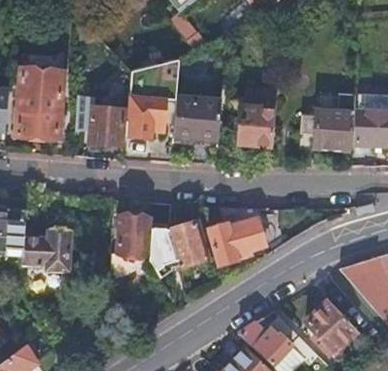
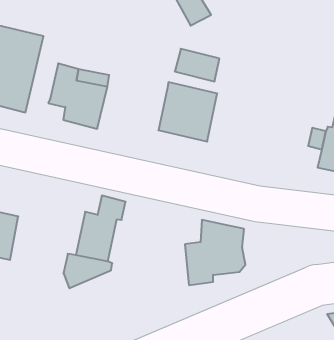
building: [128,60,175,139] -> none
building: [238,89,276,146] -> none
building: [151,219,210,273] -> none

